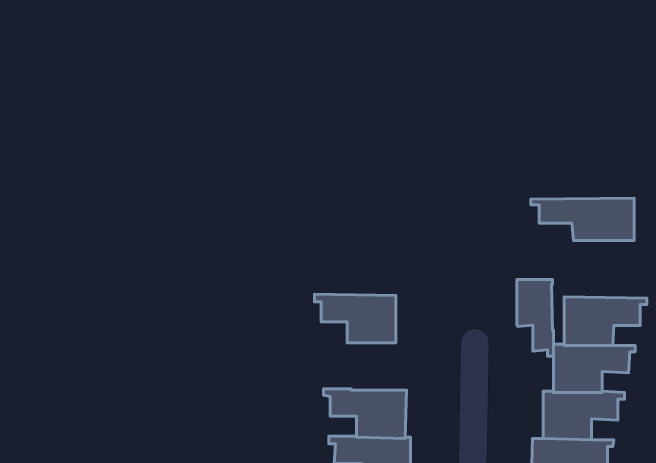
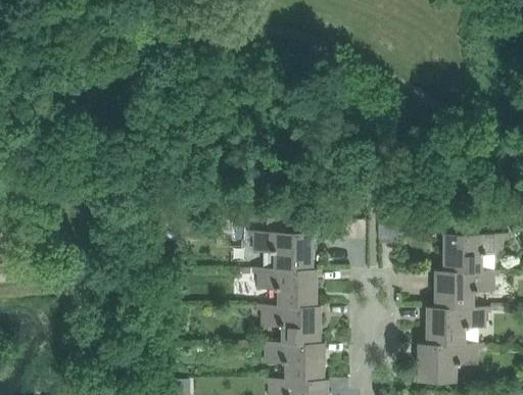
building: [531,198,634,241] -> none
building: [517,280,554,356] -> none
building: none -> [253,268,317,306]

